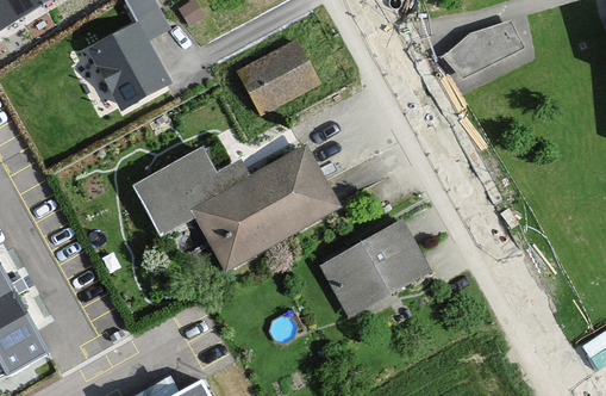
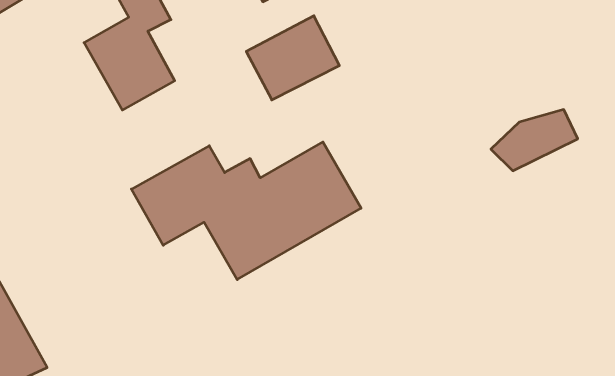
building: [439,18,520,75] -> [491,110,578,171]
building: [318,218,430,317] -> none

